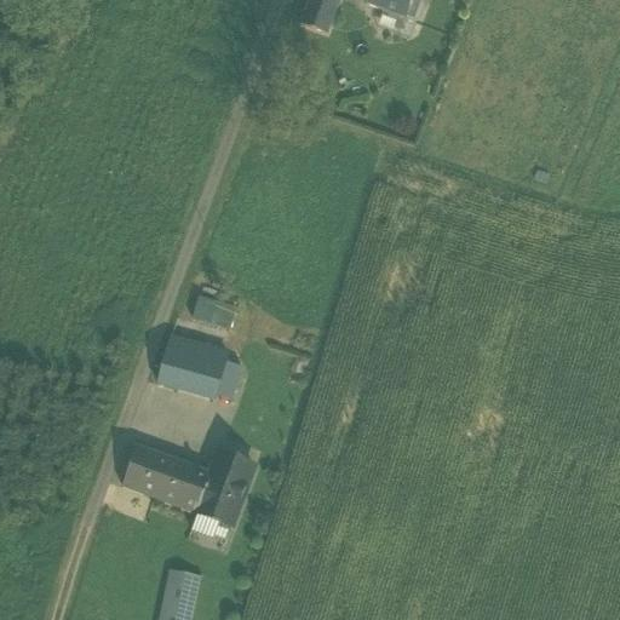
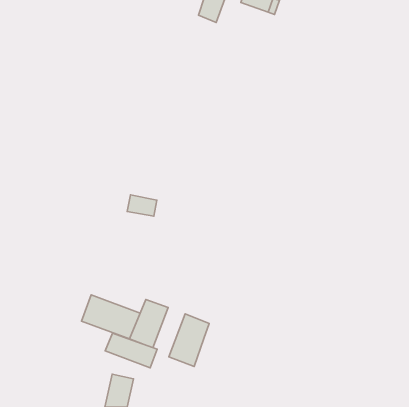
building: [157,337,228,398] -> none
building: none -> [169,314,209,366]
building: none -> [105,333,157,368]

